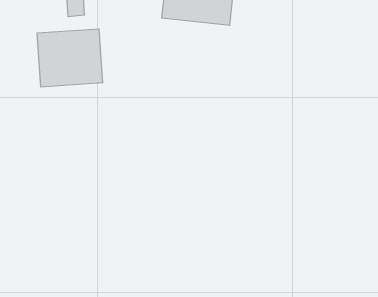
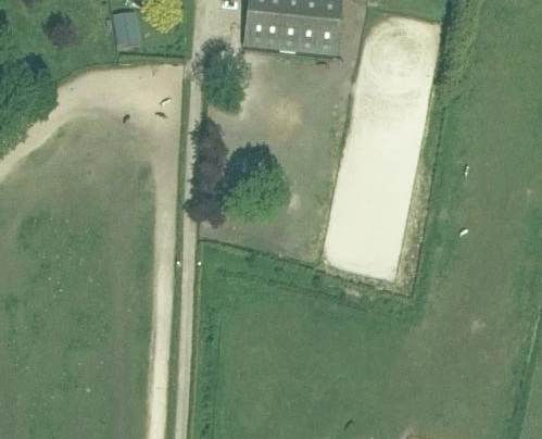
building: [37,29,102,87] -> none

